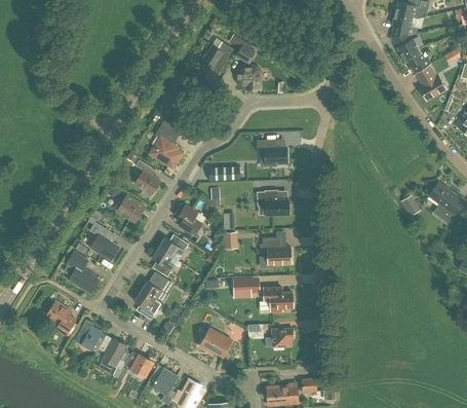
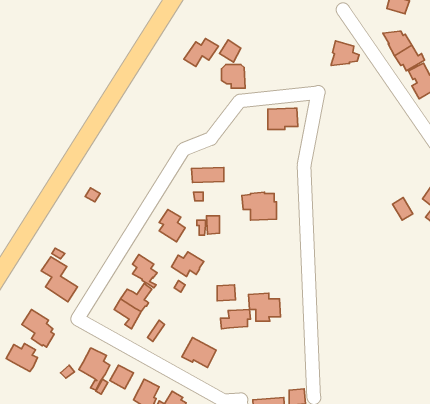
building: [391,13,418,37] -> [331,41,359,65]
building: [149,120,183,169] -> none
building: [260,146,288,166] -> [268,108,298,130]
building: [134,160,160,194] -> none
building: [117,195,145,222] -> none
building: [89,222,120,261] -> none
building: [158,234,189,258] -> [172,252,204,277]
building: [262,236,291,265] -> none
building: [74,326,104,353] -> [6,343,37,371]
building: [265,329,294,347] -> [221,309,251,329]

